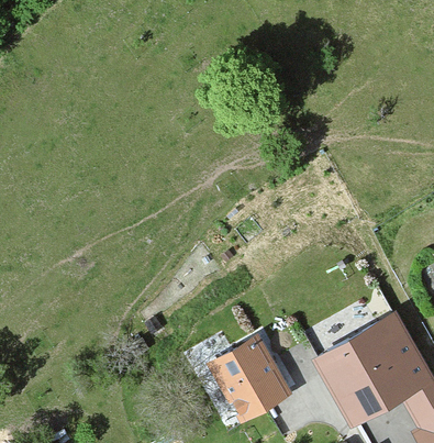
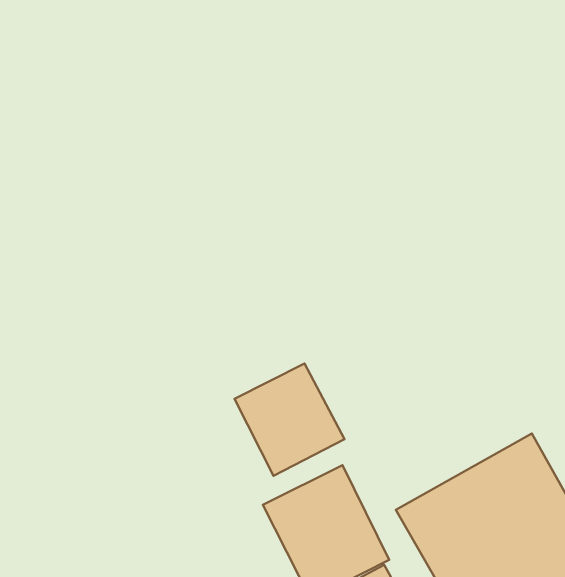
building: none -> [234,363,345,476]

